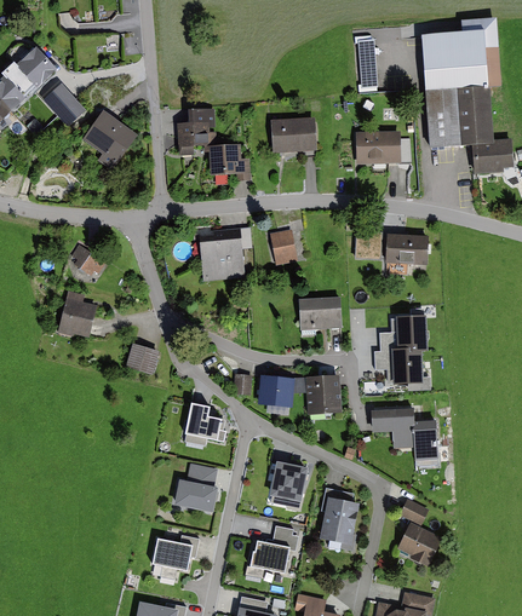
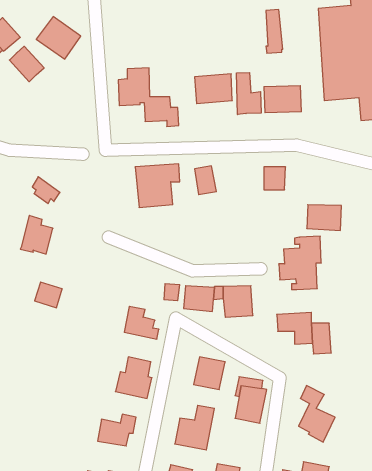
building: [82,111,137,163] -> [36,17,81,59]
building: none -> [237,73,261,115]
building: [385,235,428,266] -> [307,205,341,230]
building: [298,298,342,330] -> none
building: [125,344,159,375] -> [35,282,62,308]

